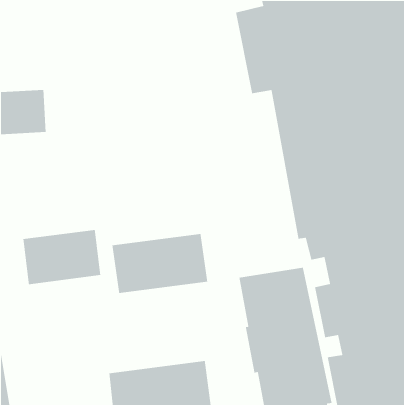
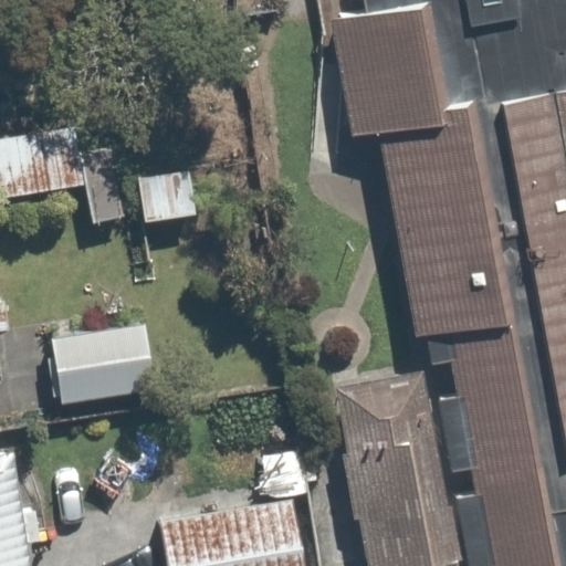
building: [111,233,208,294] -> none

